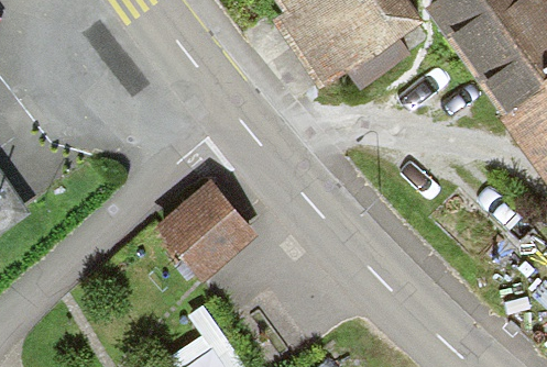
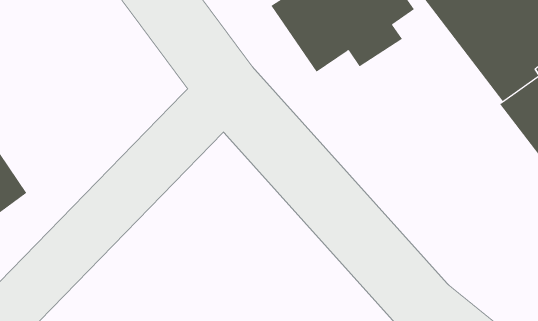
building: [164,184,252,273] -> none

